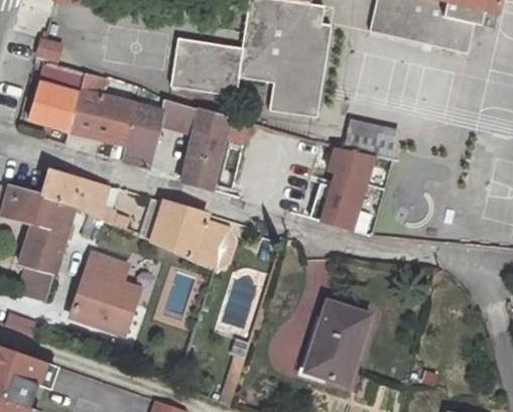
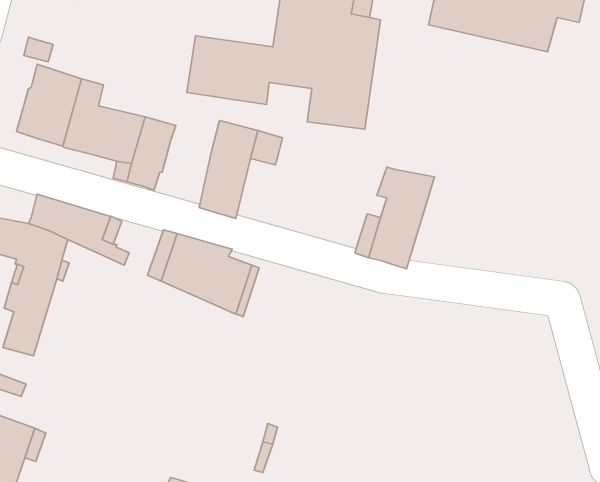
building: [157,101,197,133] -> none
building: [342,119,400,157] -> none
building: [71,254,139,333] -> none
building: [304,300,368,383] -> none

